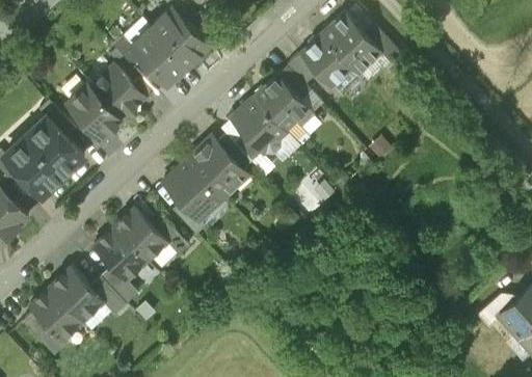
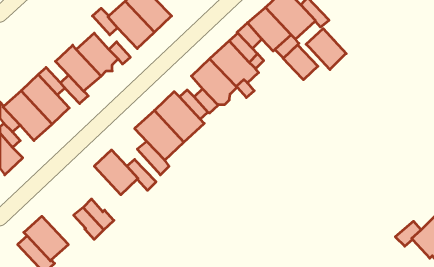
building: none -> [306,29,346,70]
building: none -> [283,45,318,80]
building: [94,227,147,282] -> none
building: [51,267,104,322] -> none

